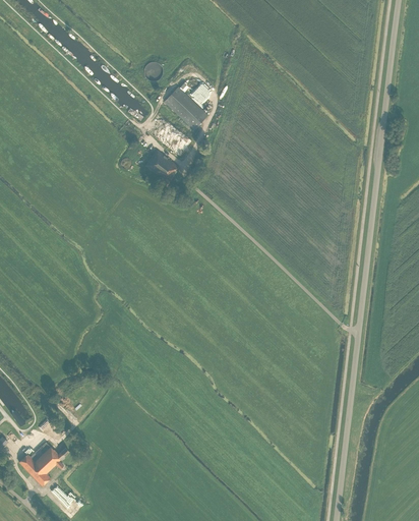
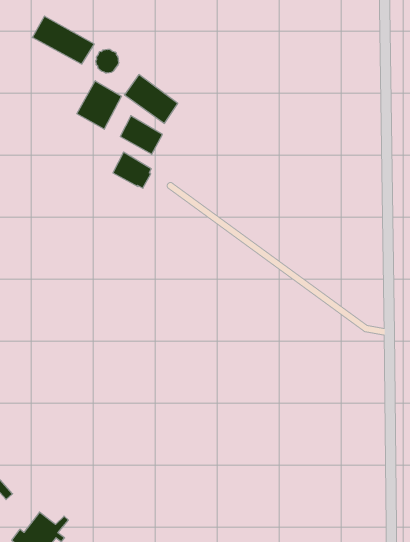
building: none -> [32,16,94,64]
building: none -> [77,81,121,129]

